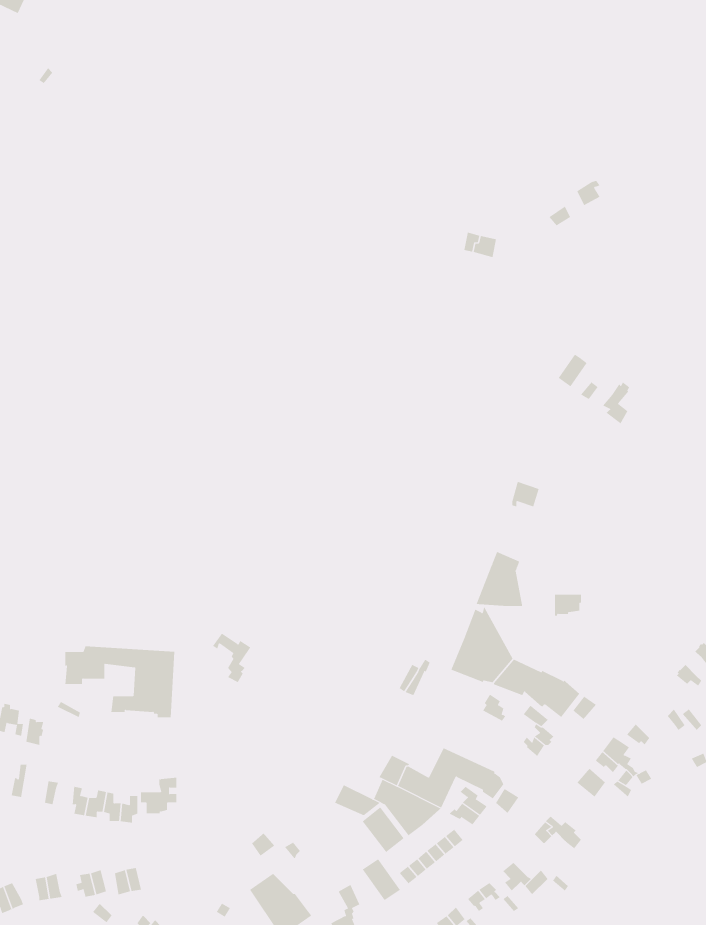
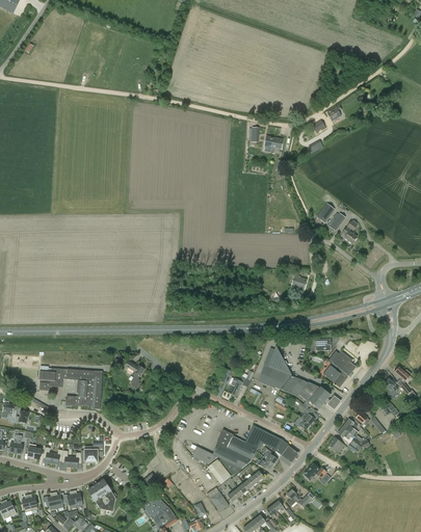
building: [476,551,523,607] -> none
building: none -> [322,350,356,388]
building: none -> [88,479,116,511]

